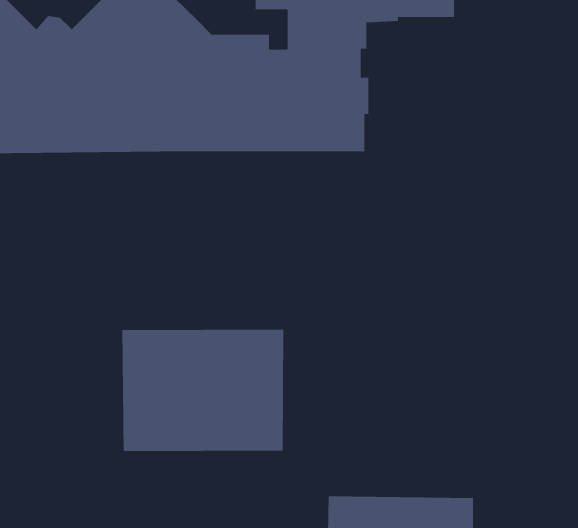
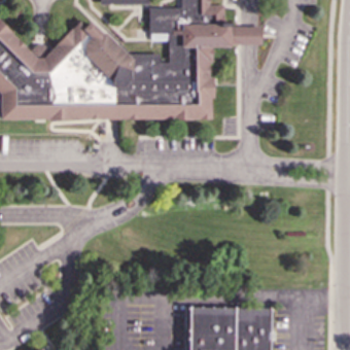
building: [122,329,284,452] -> none

